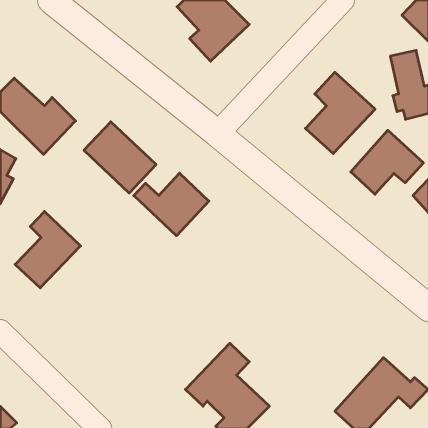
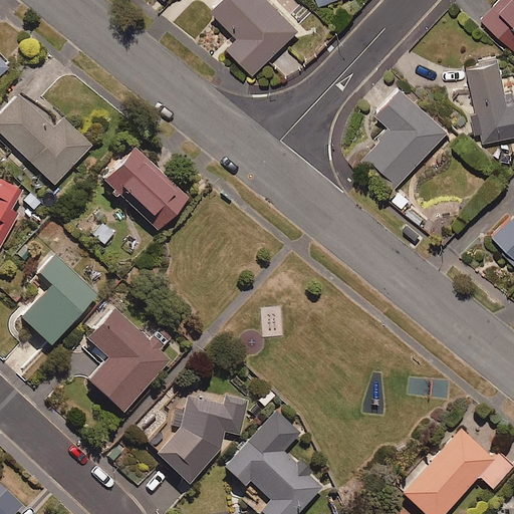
building: [351,130,423,194] -> none
building: [134,173,209,236] -> none
building: none -> [84,307,171,413]
building: none -> [155,395,248,485]

